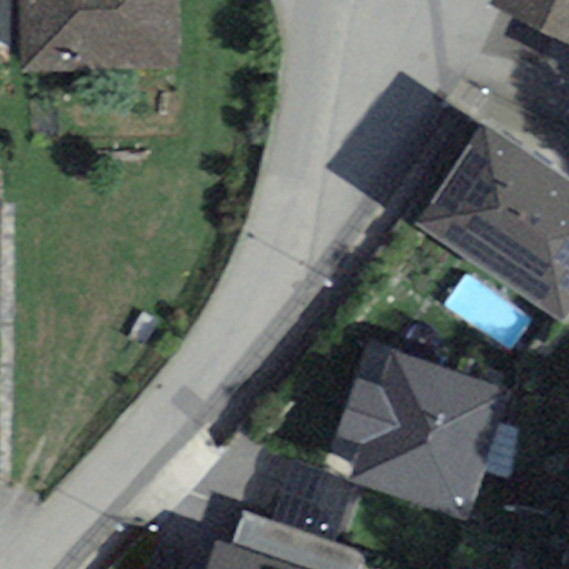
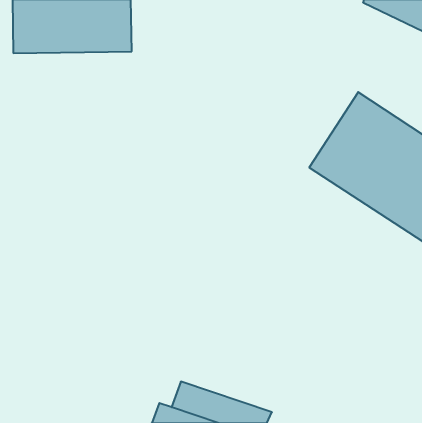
building: [337,350,510,518] -> none

